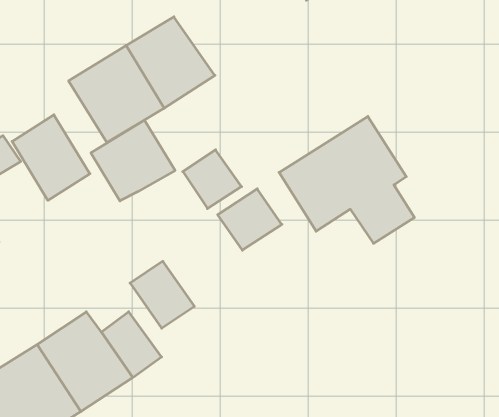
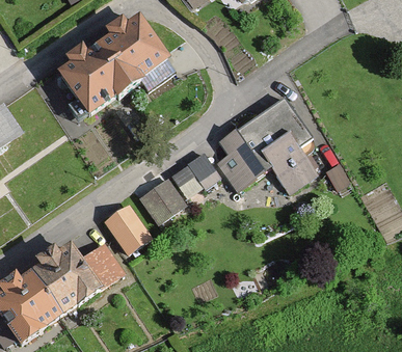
building: [12,115,90,200] -> none
building: [91,120,175,201] -> none
building: [183,150,242,209] -> [139,173,184,218]

